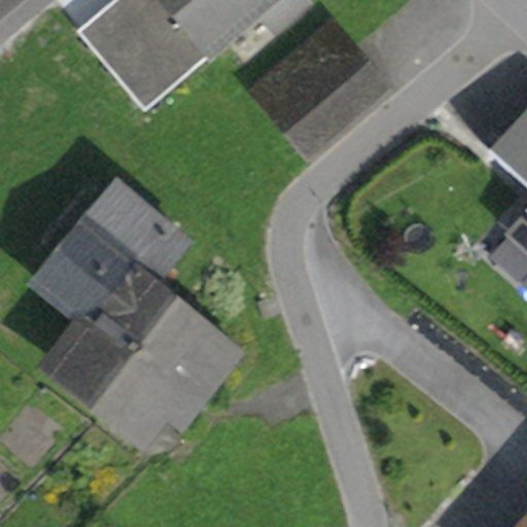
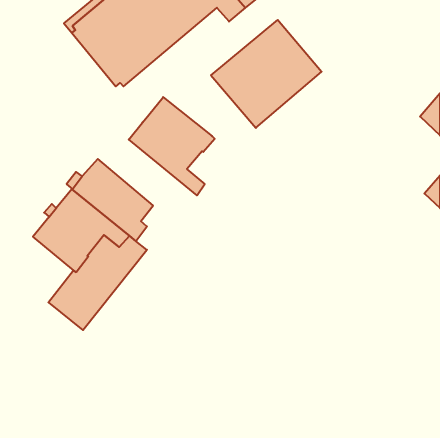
building: none -> [129,97,215,195]
building: [99,297,241,427] -> none

